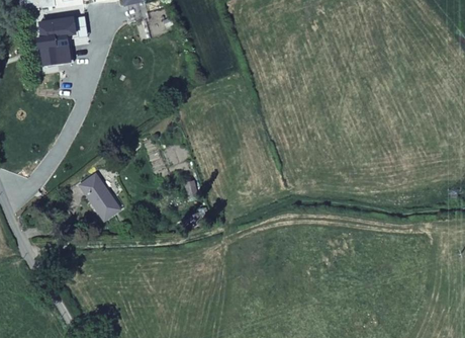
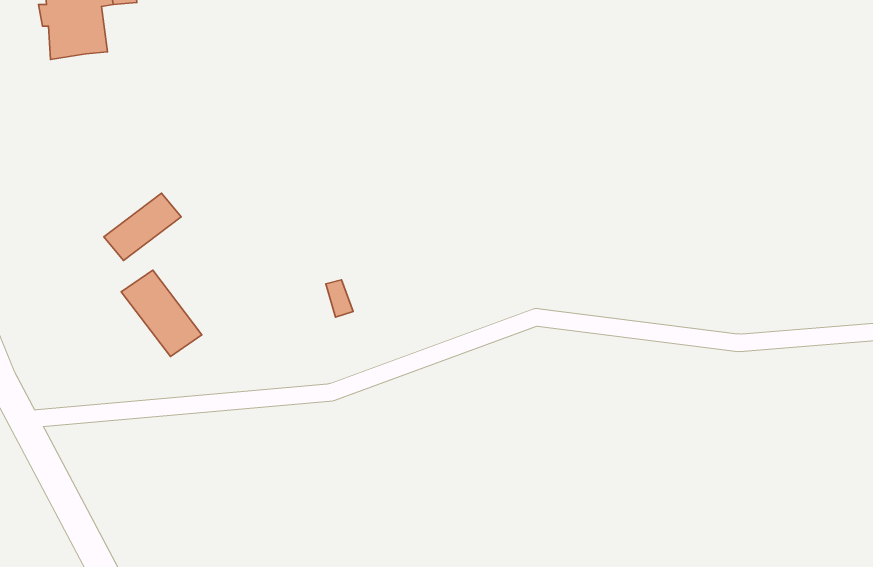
building: none -> [104,193,181,260]

